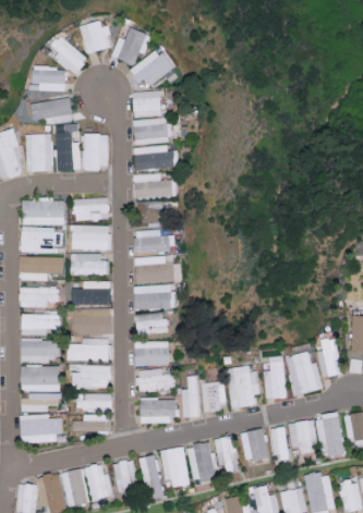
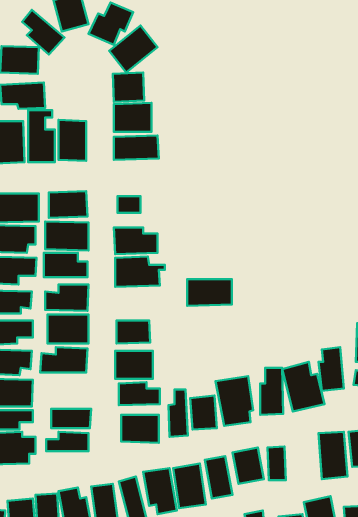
building: [132,173,173,198] -> none
building: [133,285,173,309] -> [187,279,232,306]
building: [71,365,110,388] -> none
building: [290,419,319,452] -> none

